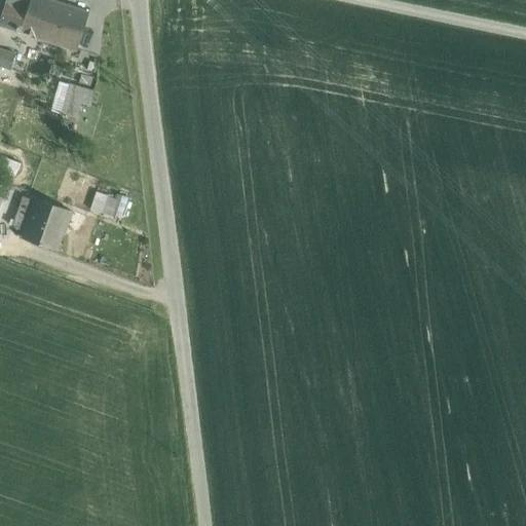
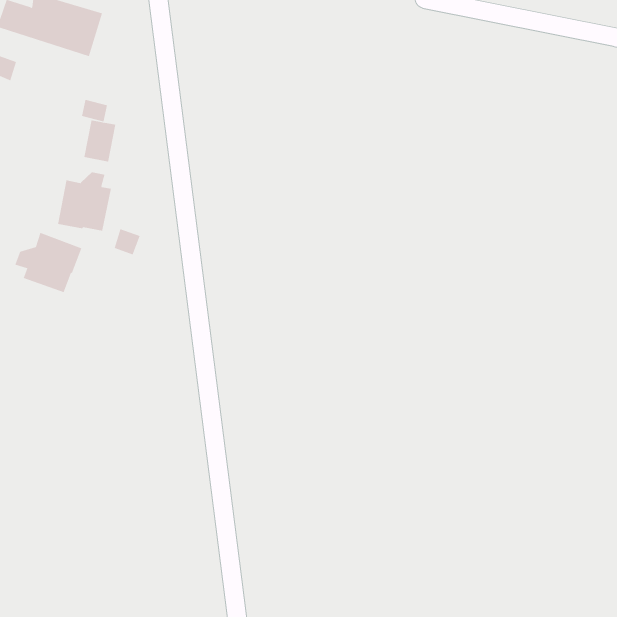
building: none -> [58,171,111,232]

